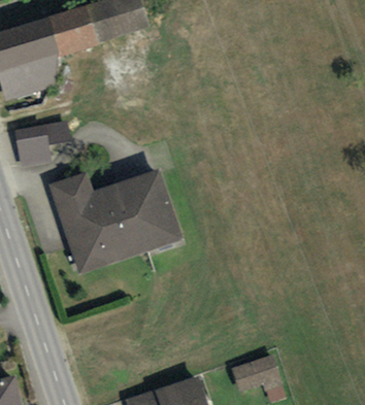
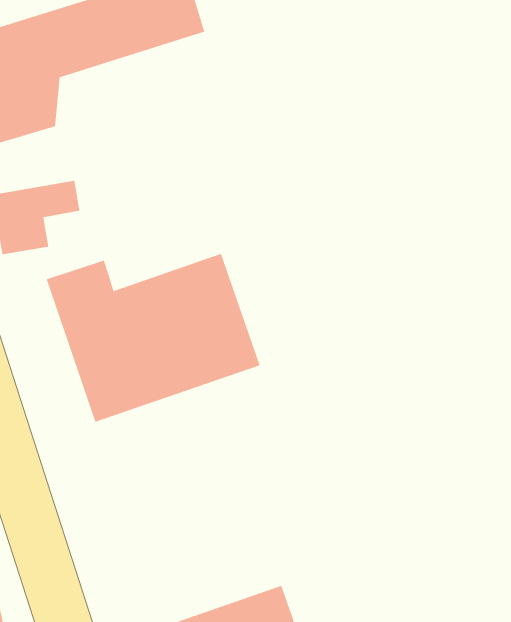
building: [232,357,279,393] -> none

